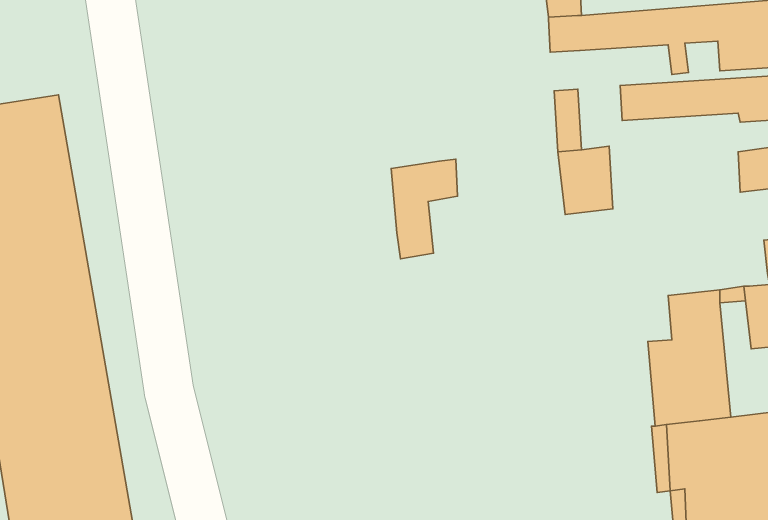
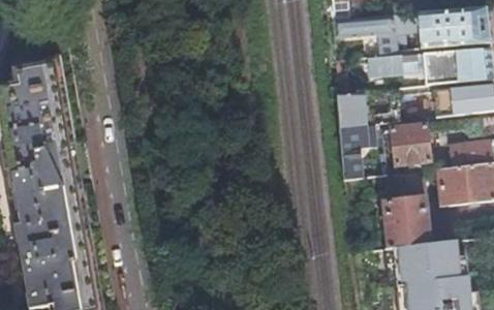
building: [391,159,458,259] -> [338,126,375,182]
building: none -> [391,126,432,166]

